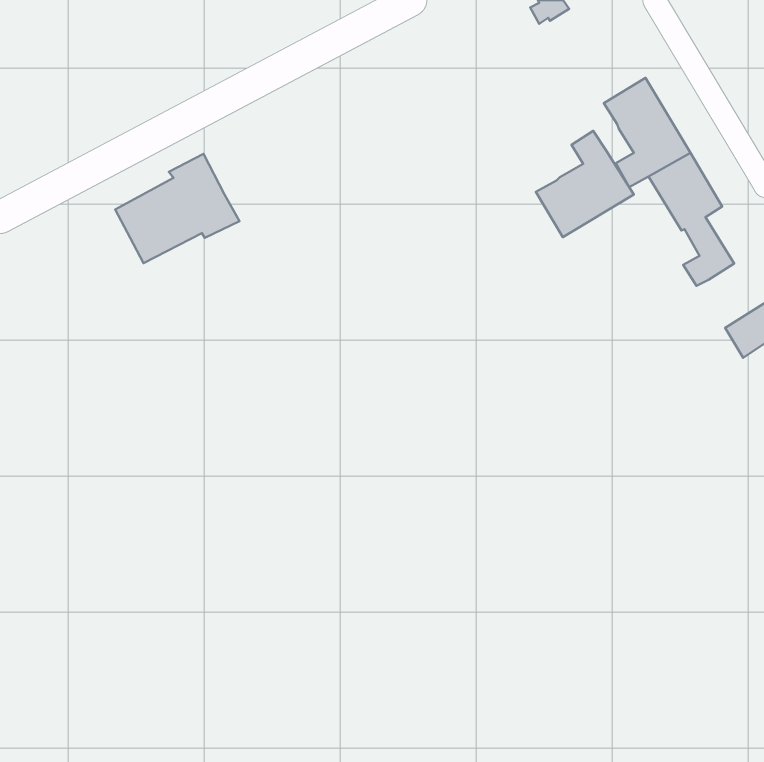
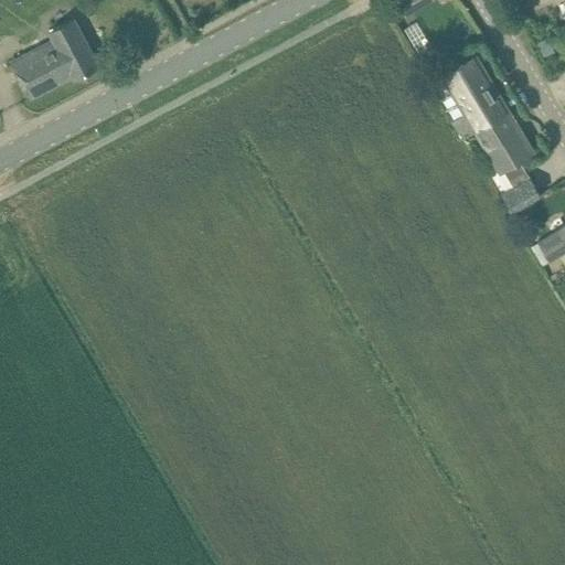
building: [536,131,634,237] -> none
building: [115,154,239,263] -> [10,20,102,100]

